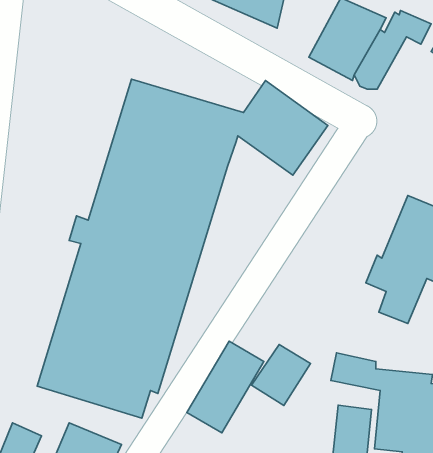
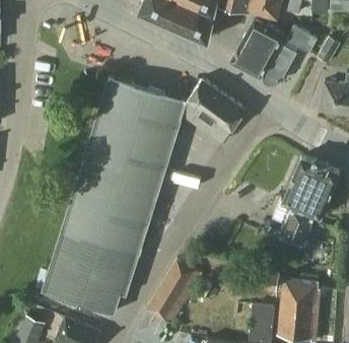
building: [251,345,310,406] -> none

